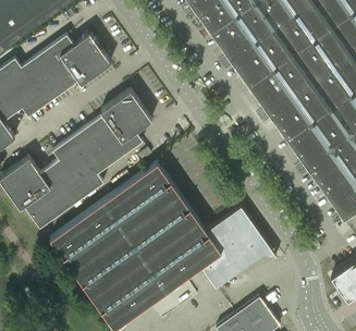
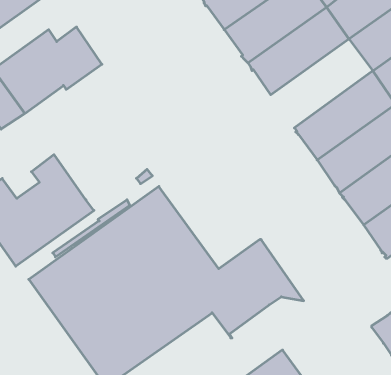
building: [249,42,333,115] -> none
building: [72,90,152,174] -> none

